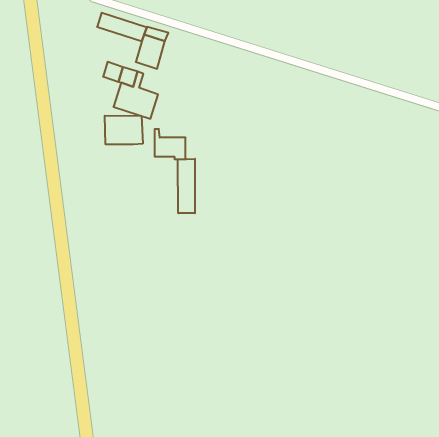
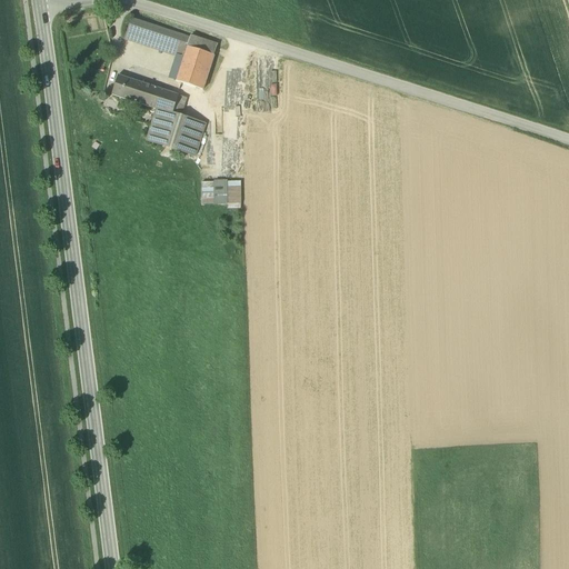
building: none -> [111,73,139,100]
building: [105,116,143,144] -> none
building: [178,159,195,213] -> none

